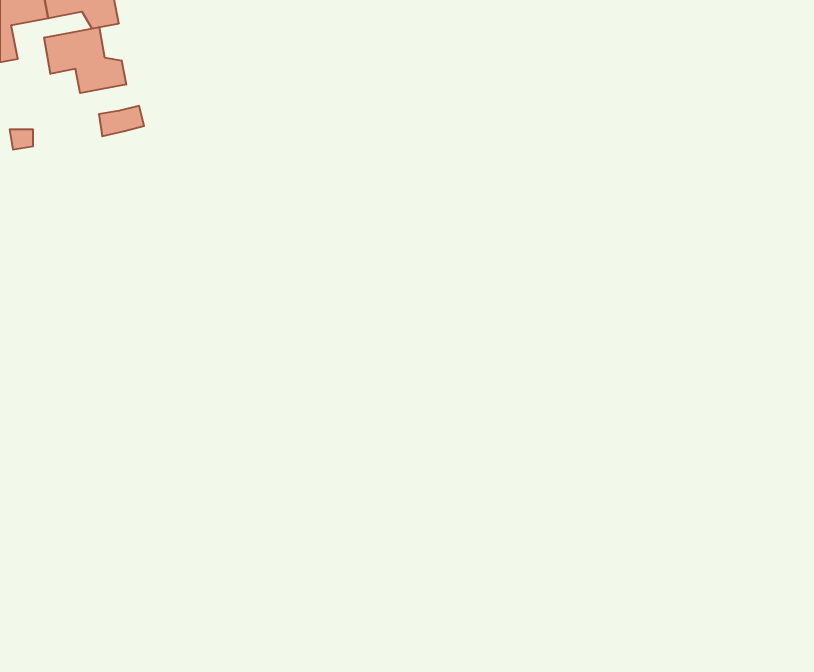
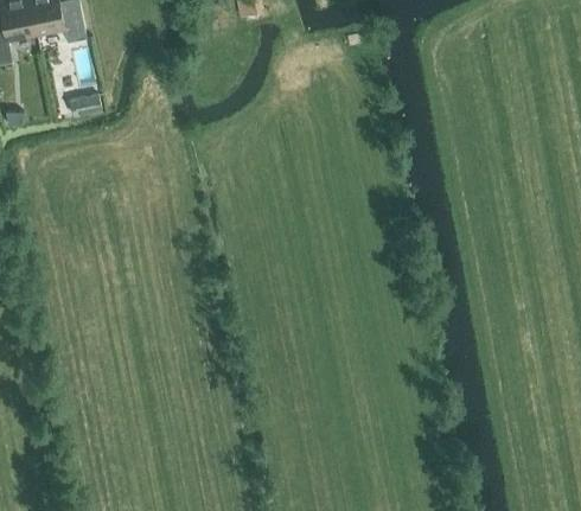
building: [44,27,126,93] -> none

